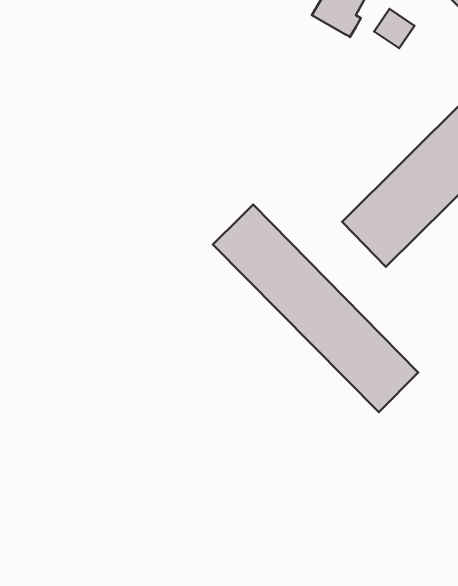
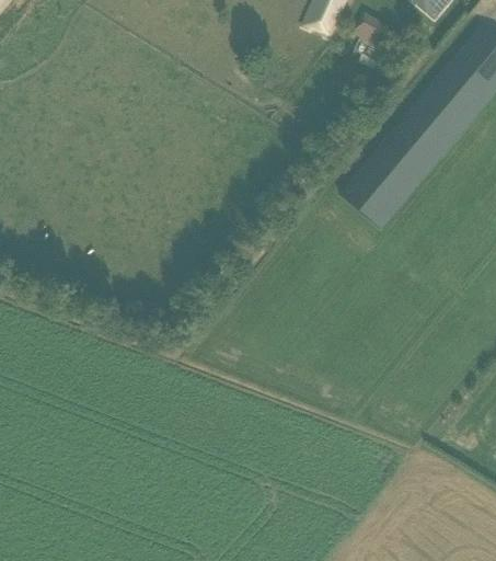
building: [213,205,418,412] -> none

